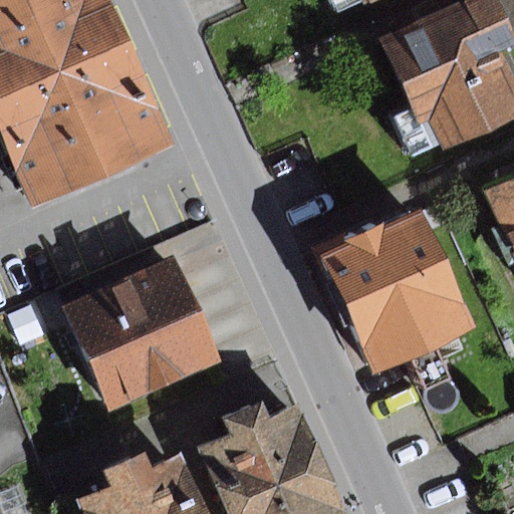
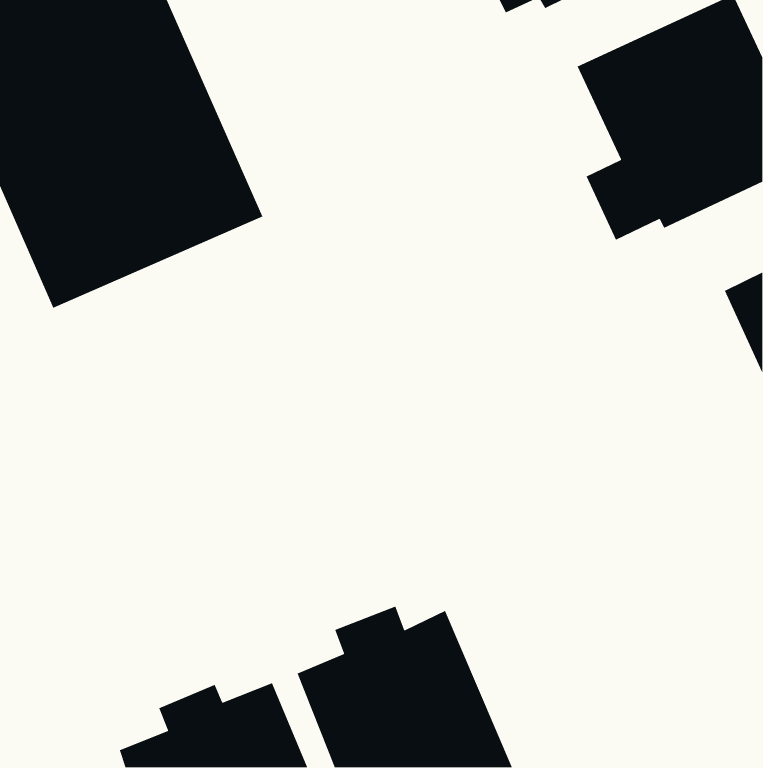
building: [314,209,476,374] -> none
building: [60,256,225,413] -> none

